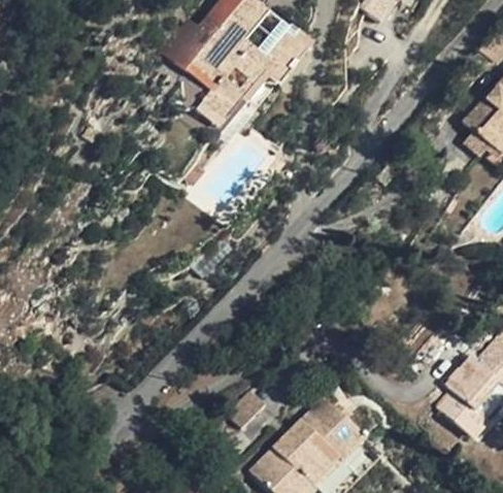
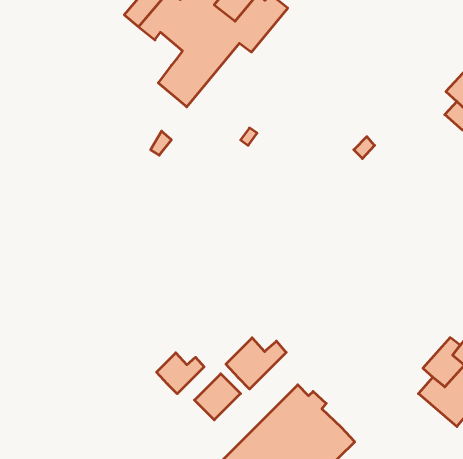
building: none -> [226,338,286,389]
building: none -> [157,353,204,394]

